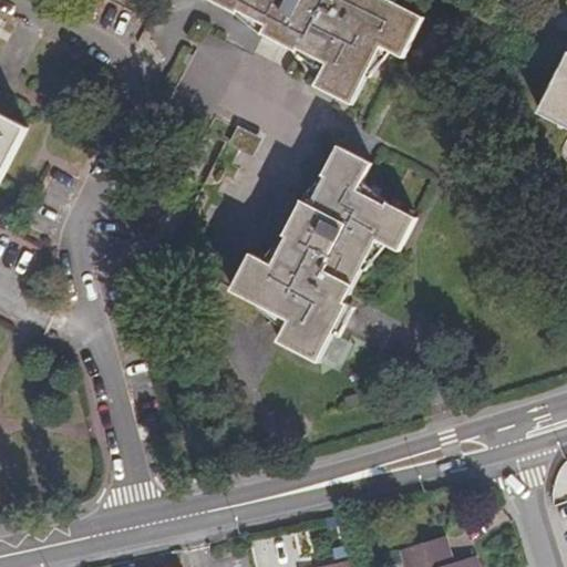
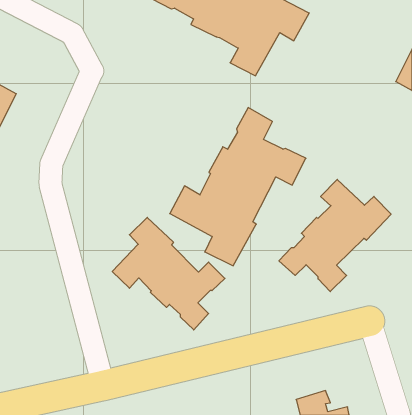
building: none -> [279,179,391,292]
building: none -> [112,217,225,330]

